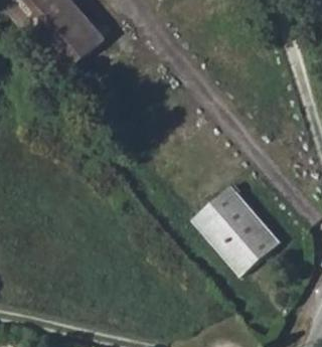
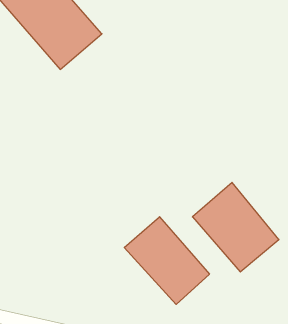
building: none -> [124,217,209,304]

